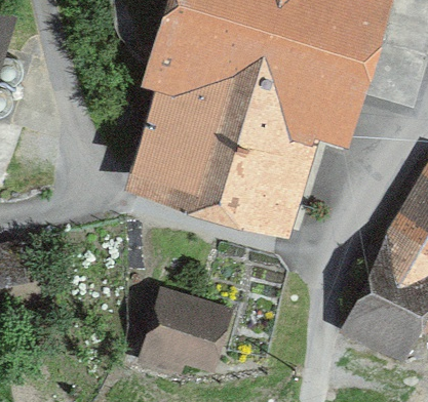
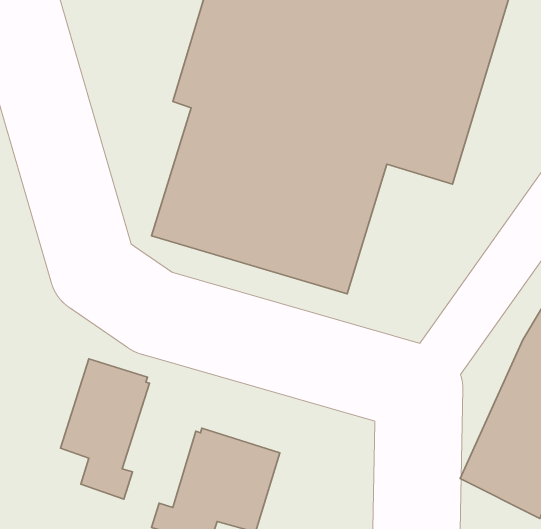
building: none -> [61,359,149,499]

